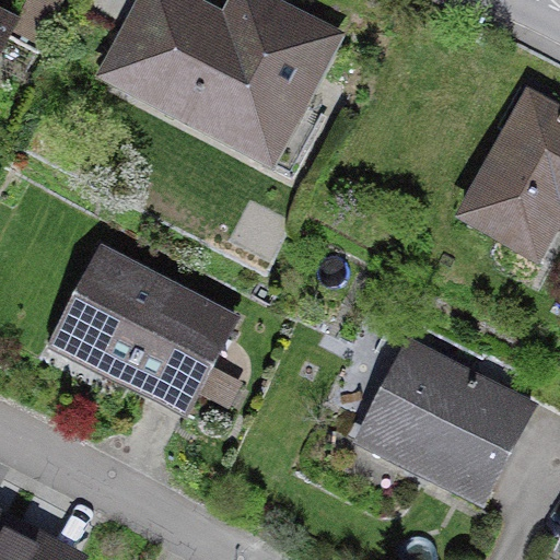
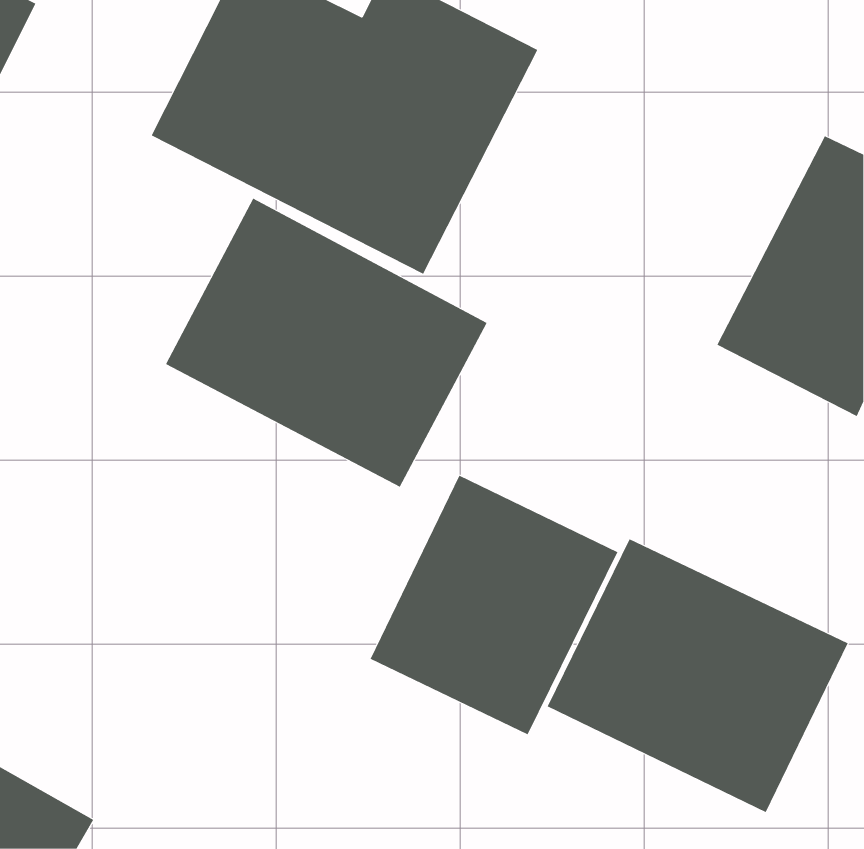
building: [39,236,245,421] -> [165,198,488,488]
building: none -> [370,475,618,735]

